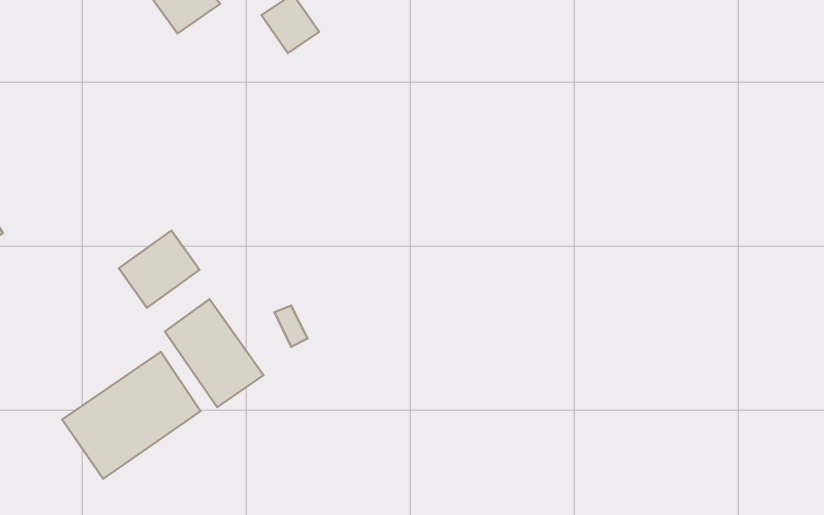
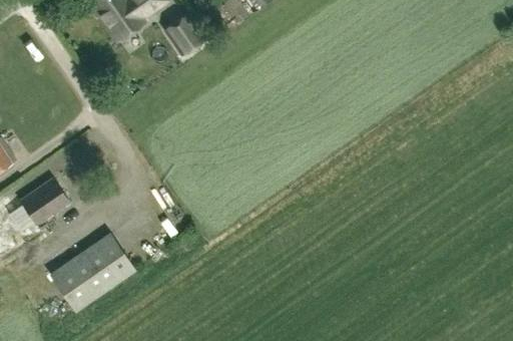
building: [119,230,200,308] -> [18,180,67,227]
building: [165,299,263,407] -> none

